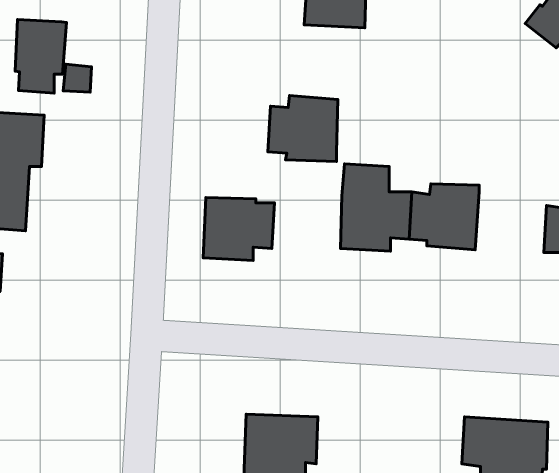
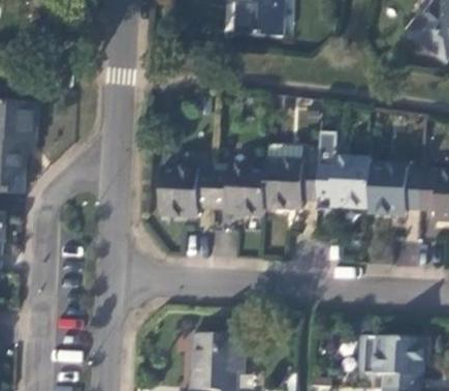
building: [15,19,67,93] -> none
building: [268,95,338,161] -> [212,163,265,214]
building: none -> [367,163,422,214]

